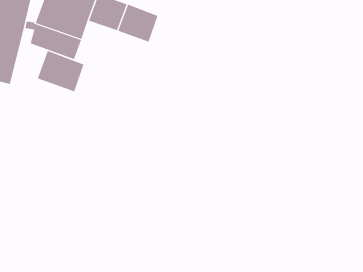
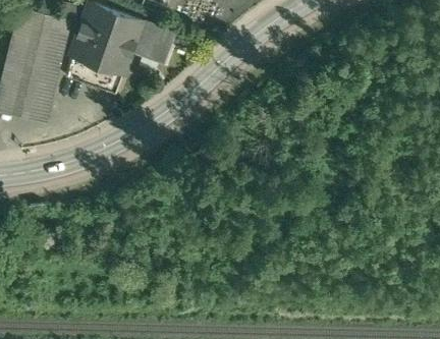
building: [118,4,158,42] -> none
building: [37,50,84,92] -> none

